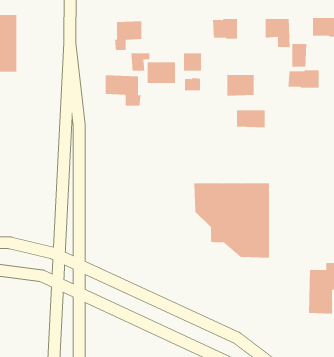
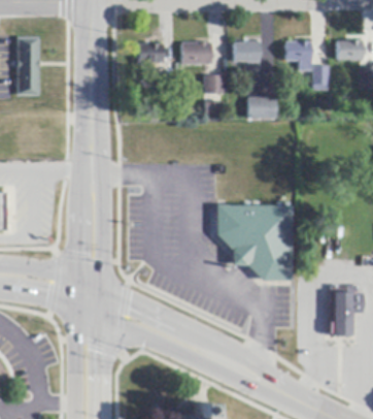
building: [147,62,176,84] -> [182,42,211,64]
building: [288,70,319,89] -> none
building: [105,75,141,107] -> none
building: [237,110,265,128] -> none

